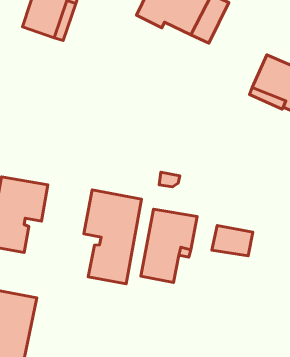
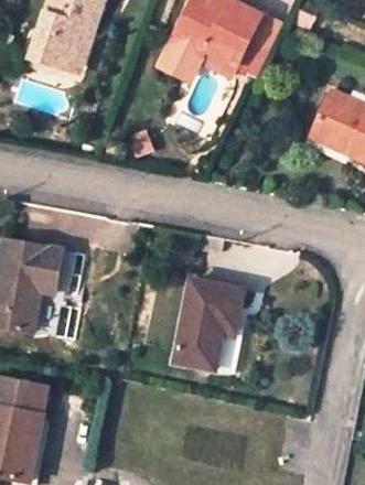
building: none -> [154,42,236,86]
building: [84,190,141,284] -> none
building: [212,225,253,256] -> none

